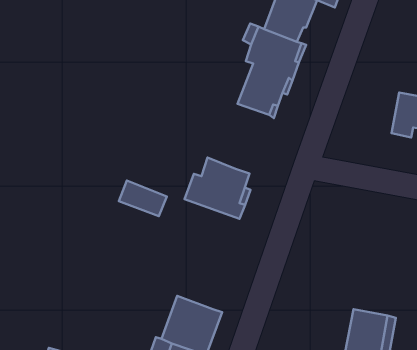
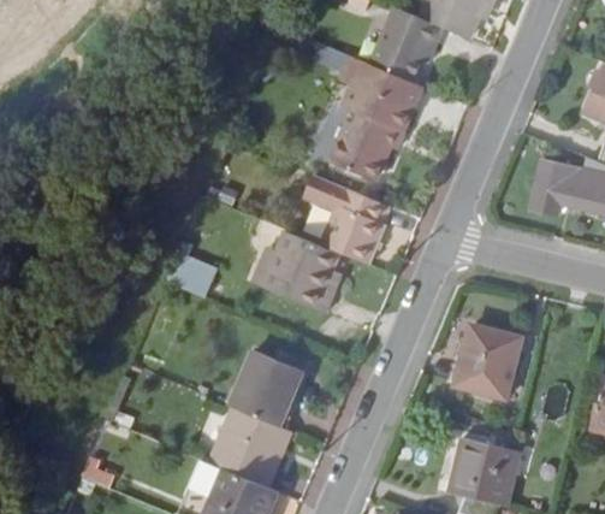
building: none -> [314,175,396,265]
building: none -> [461,327,524,398]
building: none -> [236,353,308,427]

